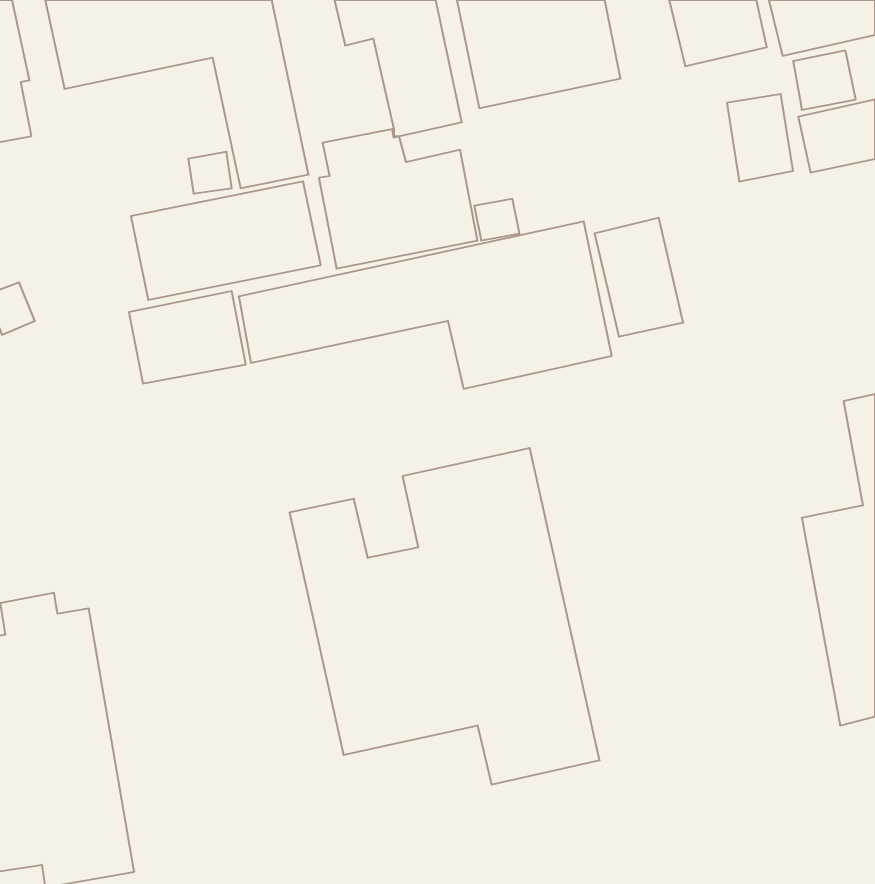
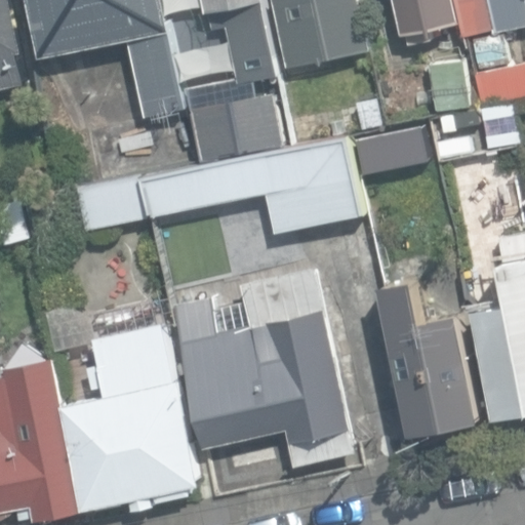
building: none -> [379,278,478,435]
building: none -> [65,325,199,511]

